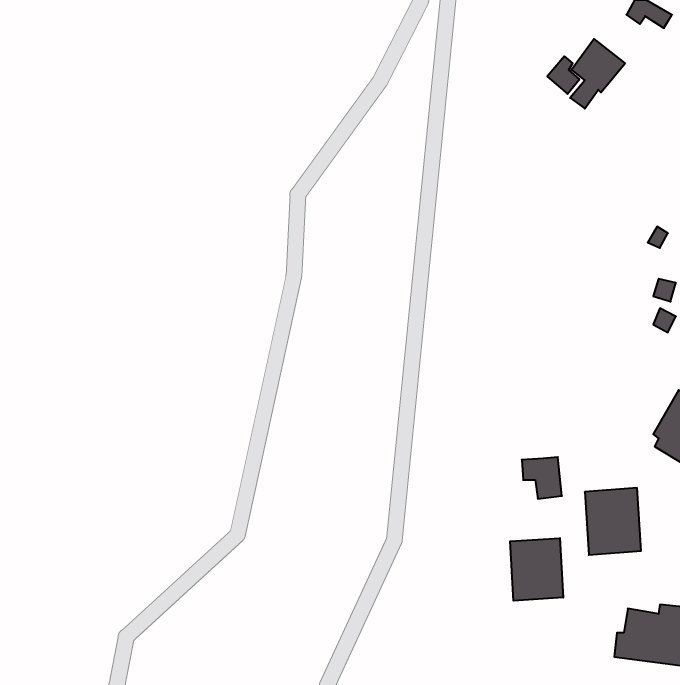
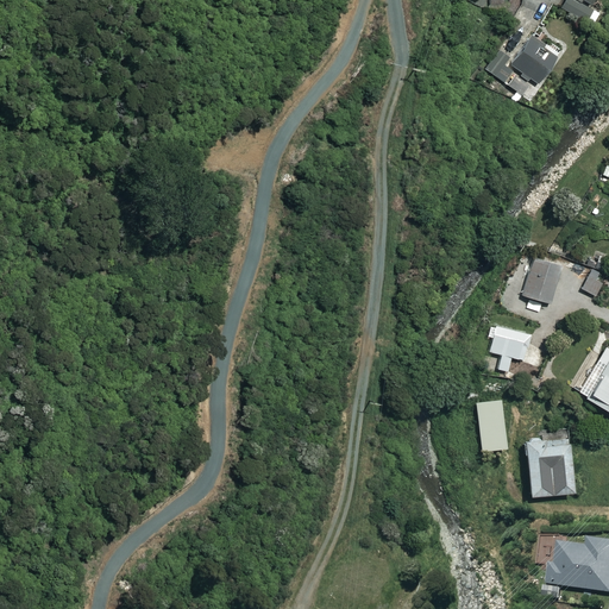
building: none -> [523,256,563,302]
building: none -> [490,326,530,370]
building: [510,538,563,601] -> none

